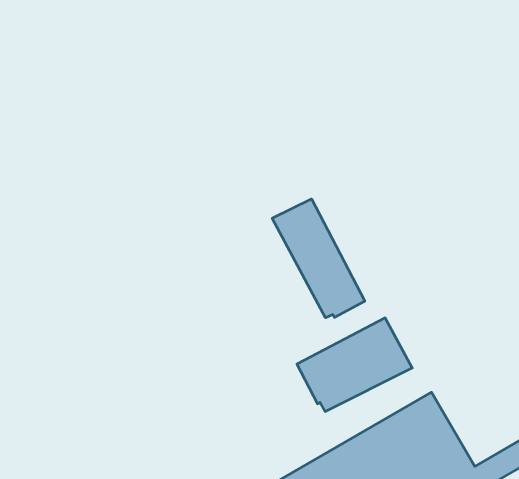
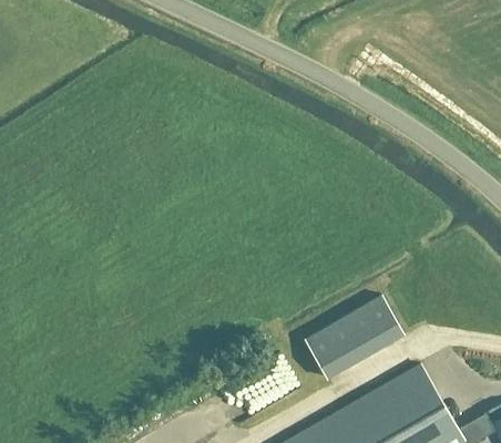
building: [272,199,365,318] -> none

